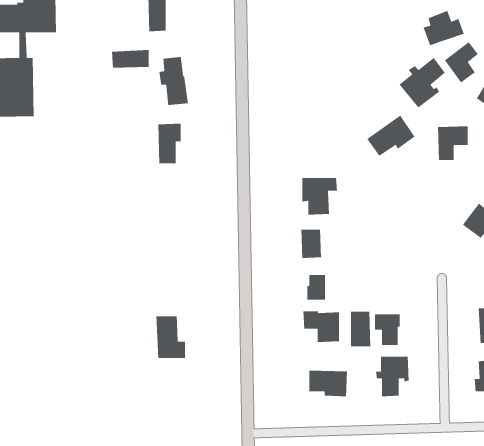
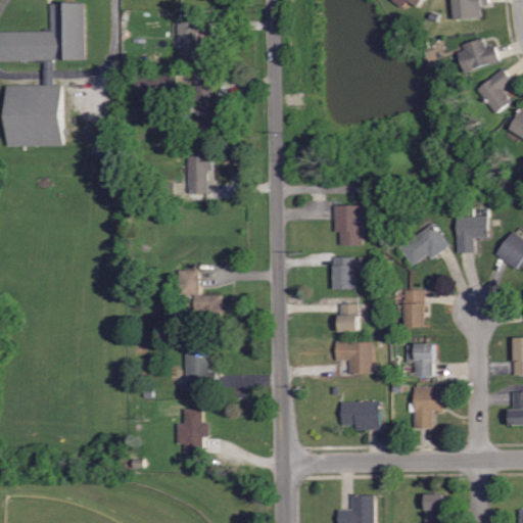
building: [399,57,446,109] -> none
building: [366,115,415,157] -> [397,224,447,267]
building: [437,126,469,161] -> [456,217,487,252]
building: none -> [179,270,224,325]
building: [350,311,371,347] -> [403,290,425,327]
building: none -> [177,410,208,454]

